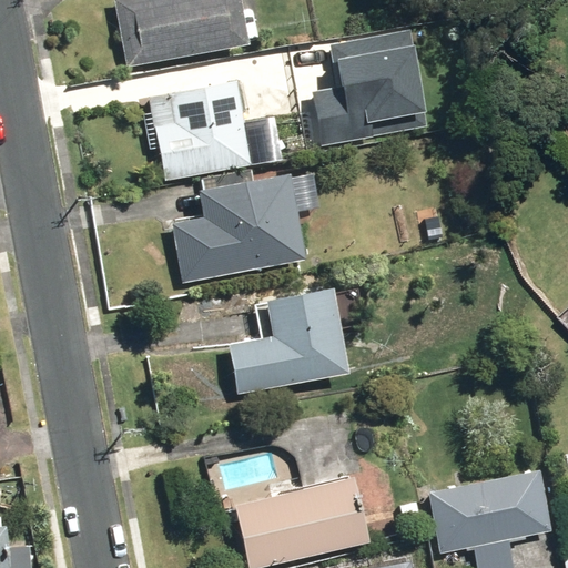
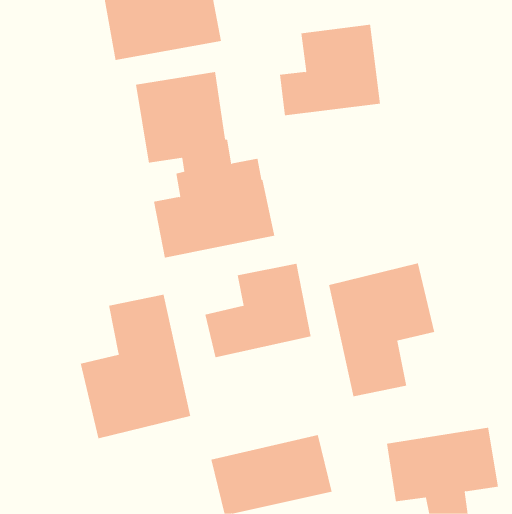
building: none -> [329,262,435,397]
building: none -> [80,294,191,439]

